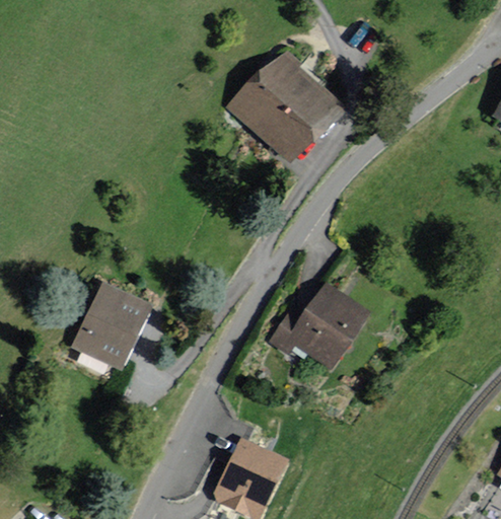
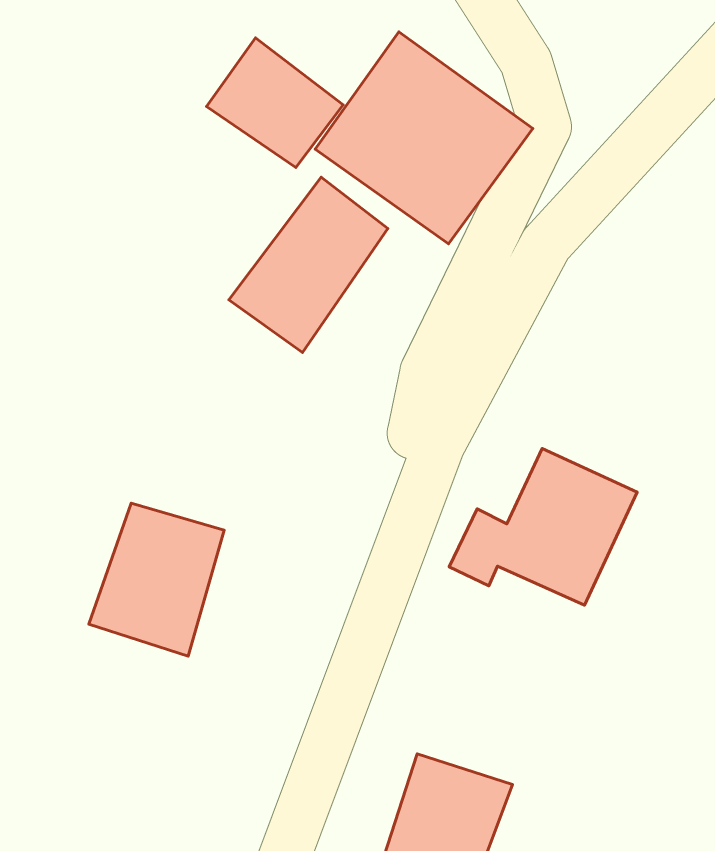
building: none -> [206,38,343,167]
building: none -> [229,177,388,352]

